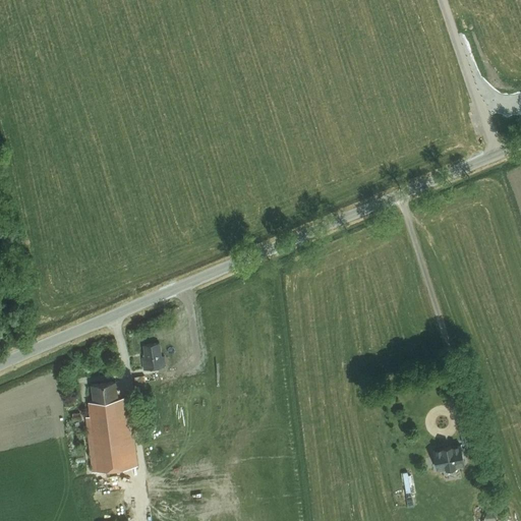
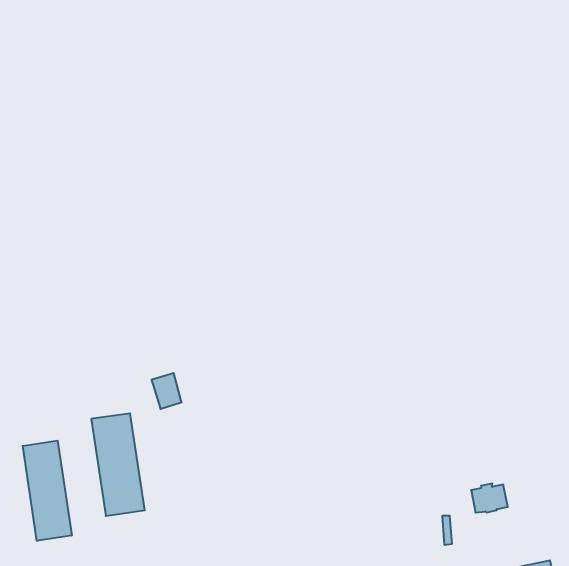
building: none -> [23,441,72,541]

